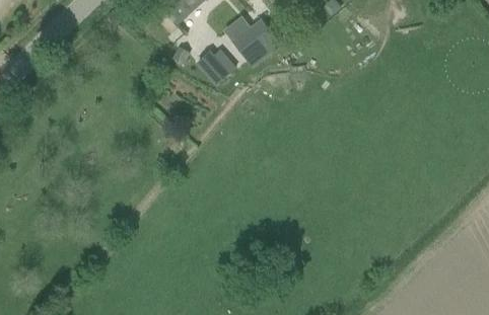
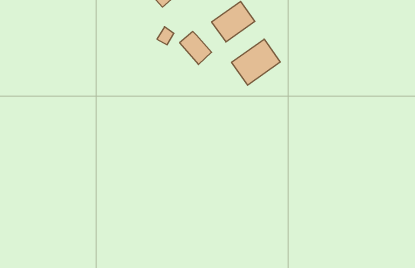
building: none -> [232,39,280,85]

